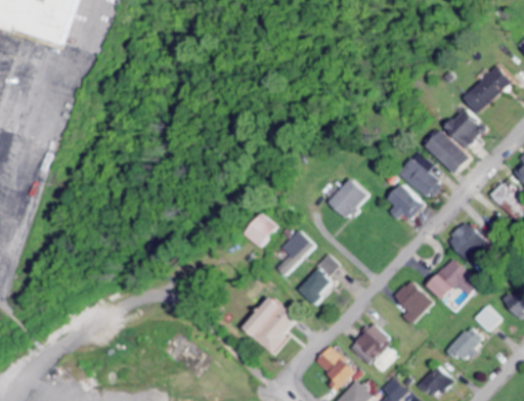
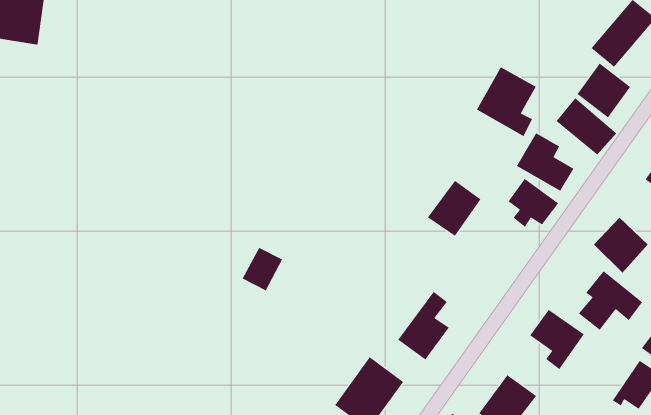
building: none -> [476,66,537,137]
building: [246,215,277,248] -> [242,247,283,291]
building: [273,229,313,277] -> none

